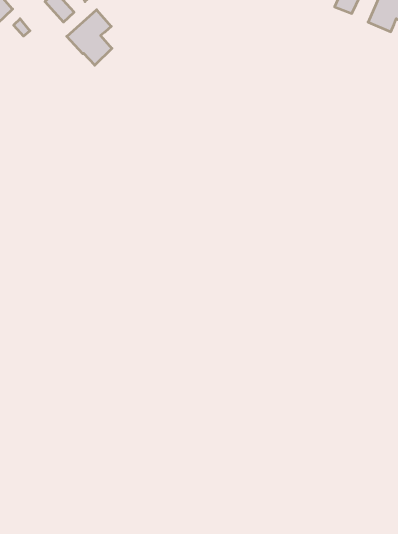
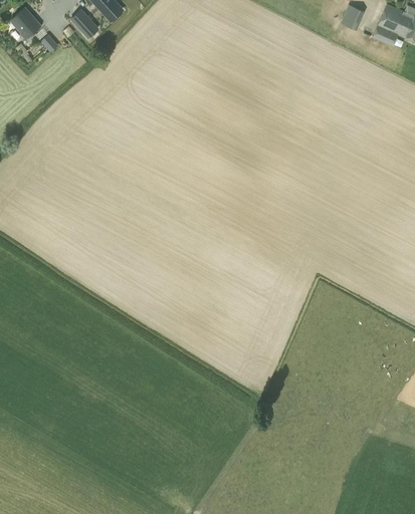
building: [67,10,112,65] -> none

